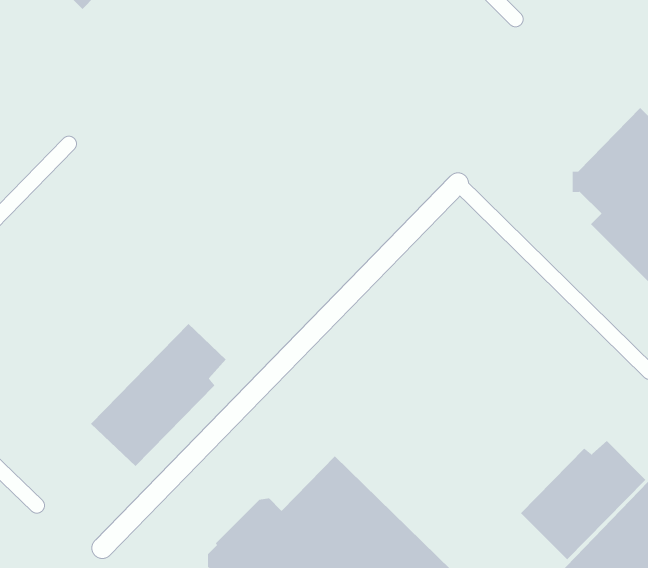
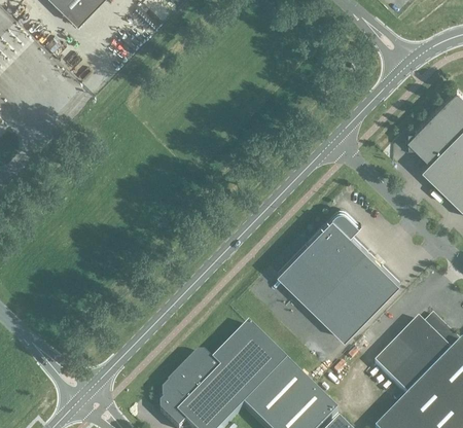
building: none -> [277,211,399,338]
building: [90,323,226,467] -> none

